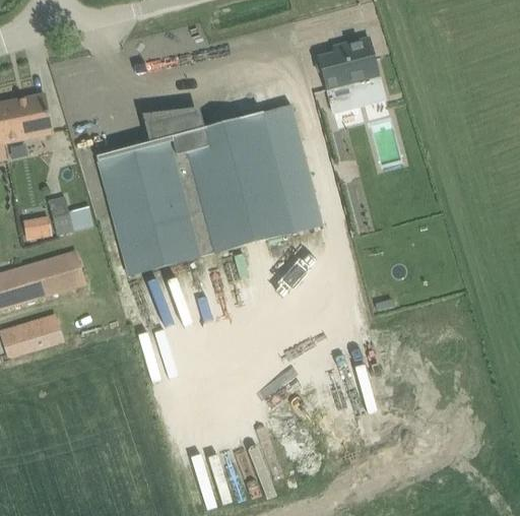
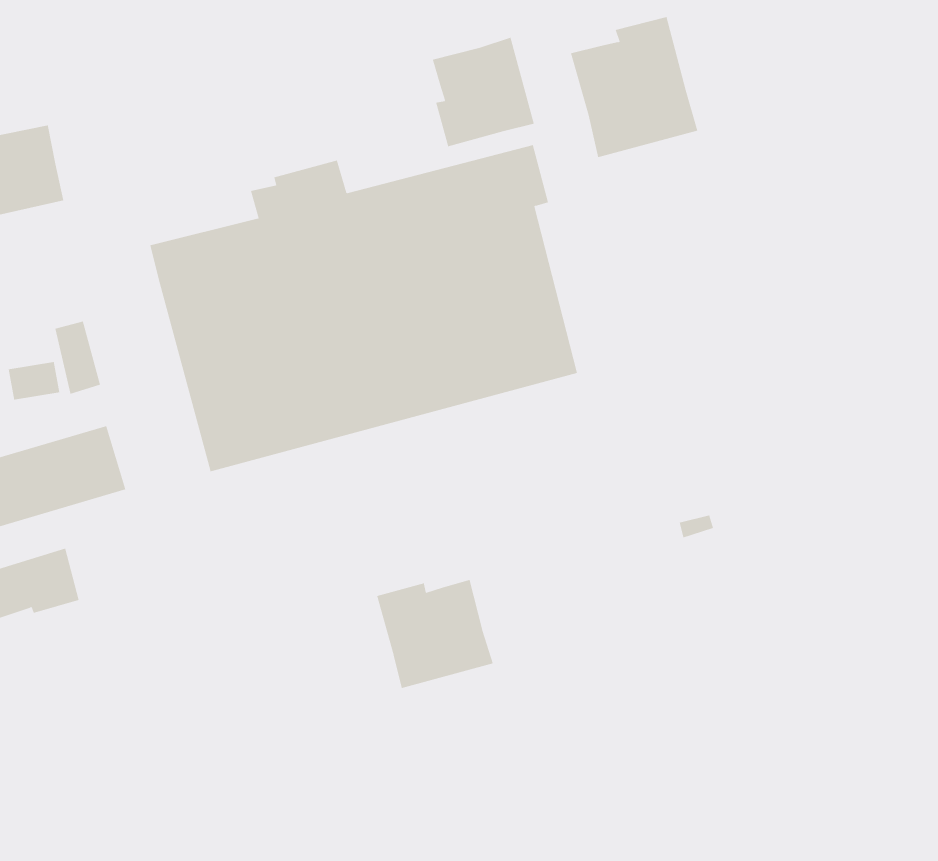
building: none -> [432,37,534,147]
building: none -> [377,579,494,689]

